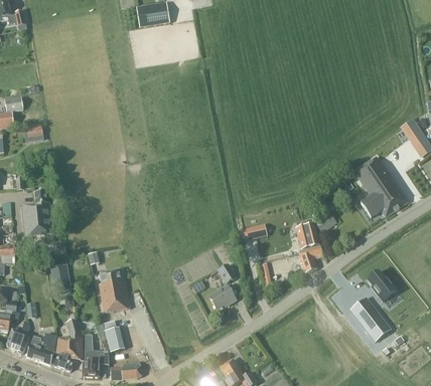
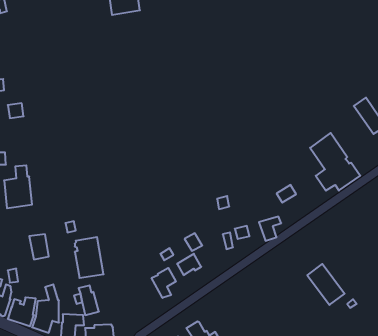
building: [295,219,319,248] -> none
building: [367,270,396,301] -> none
building: none -> [152,268,176,298]

